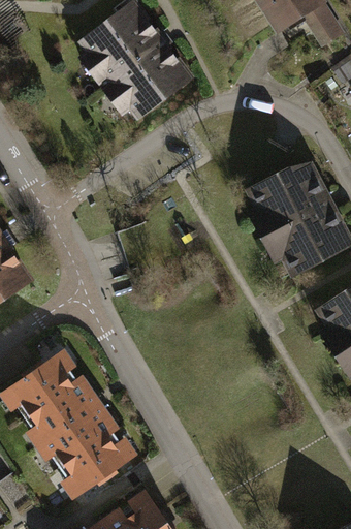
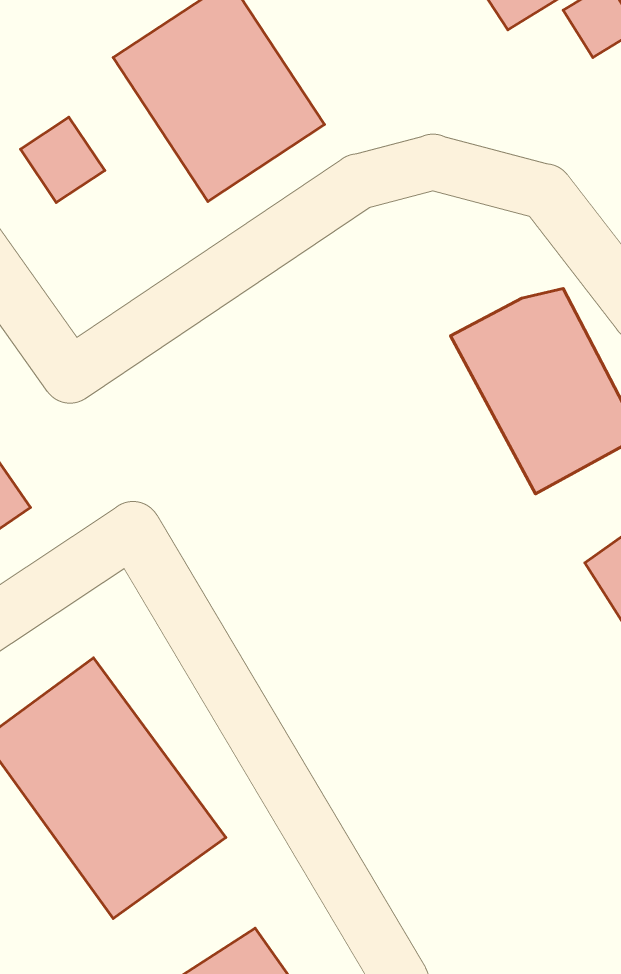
building: none -> [20,117,105,202]

